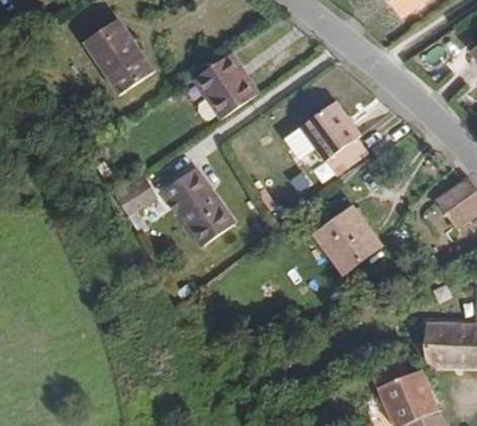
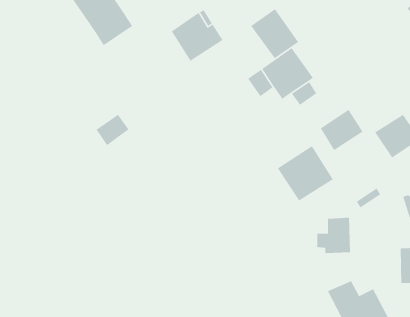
building: none -> [250,8,299,59]
building: [159,166,228,244] -> none
building: none -> [320,109,364,151]
building: [422,329,463,371] -> [316,217,351,254]

